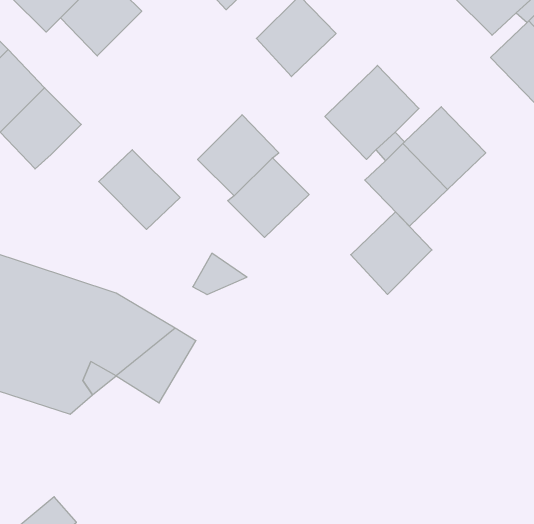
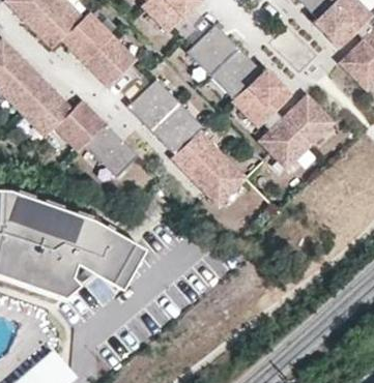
building: none -> [83,34,135,87]
building: none -> [209,49,262,100]
building: none -> [124,78,177,130]
building: none -> [53,98,106,152]
building: [351,212,432,294] -> [192,153,244,207]

